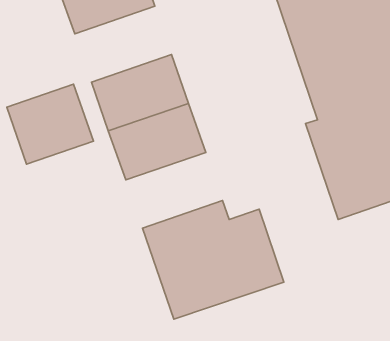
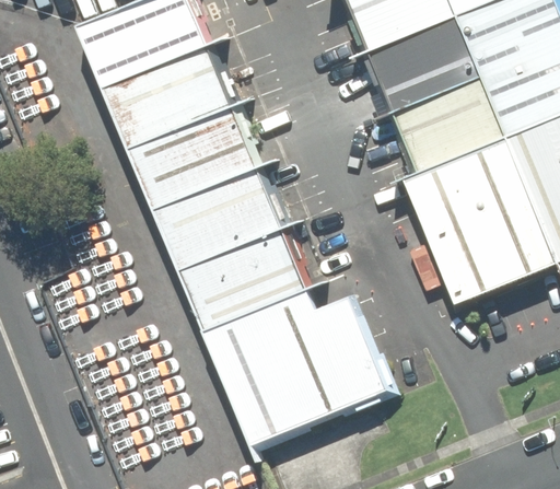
building: none -> [102,40,229,143]
building: [7,84,94,164] -> none
building: none -> [178,226,305,329]

